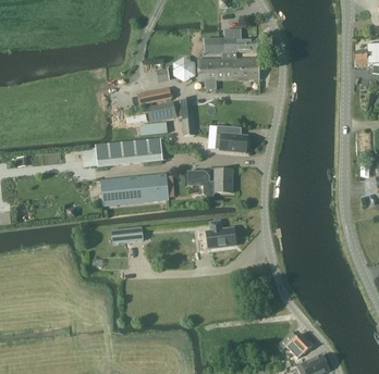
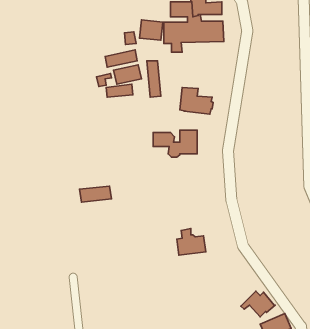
building: [96,138,163,165] -> none
building: [101,173,169,204] -> none
building: [206,220,235,247] -> [177,228,206,255]

